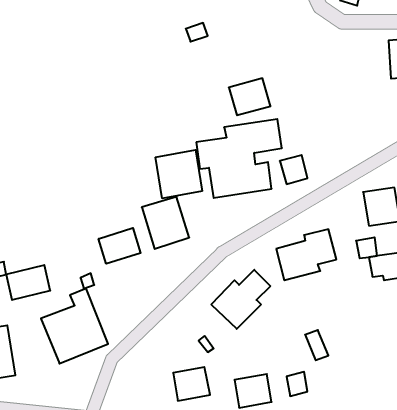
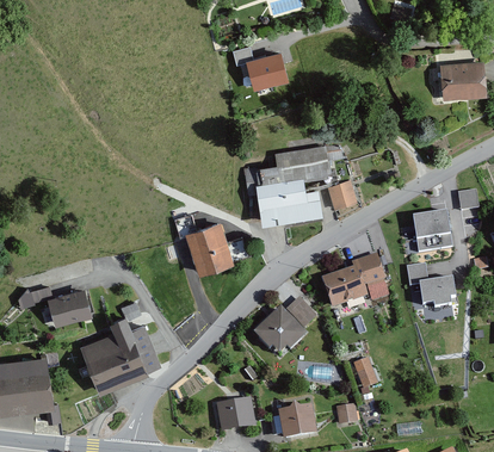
building: [229,78,271,115] -> [245,55,288,93]
building: [156,150,202,198] -> none
building: [99,228,141,264] -> none

